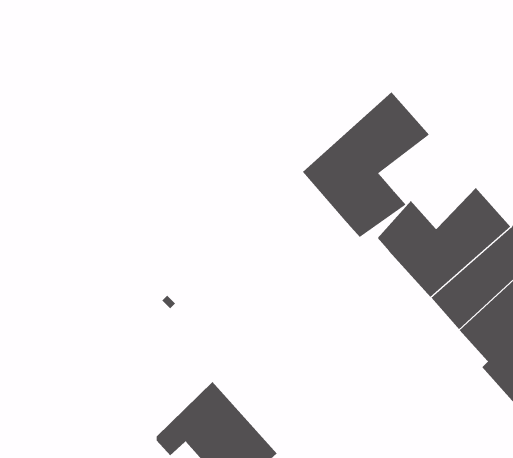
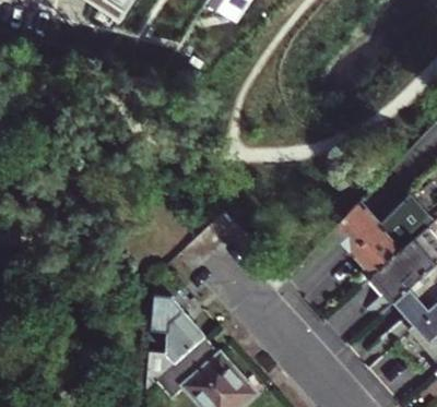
building: [302,91,430,238] -> none
building: none -> [157,290,201,378]

